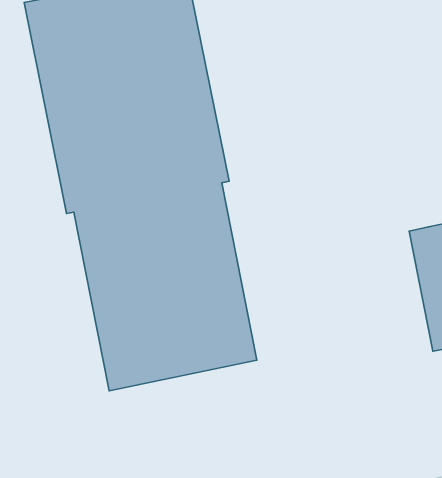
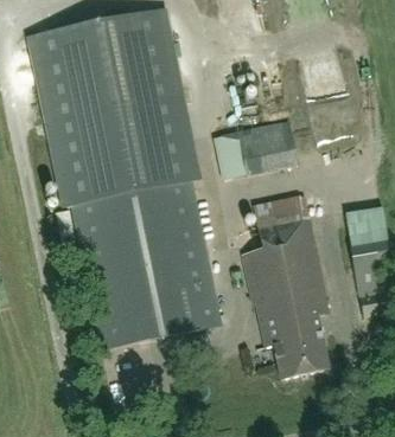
building: none -> [215,121,298,178]
building: none -> [242,194,343,378]

